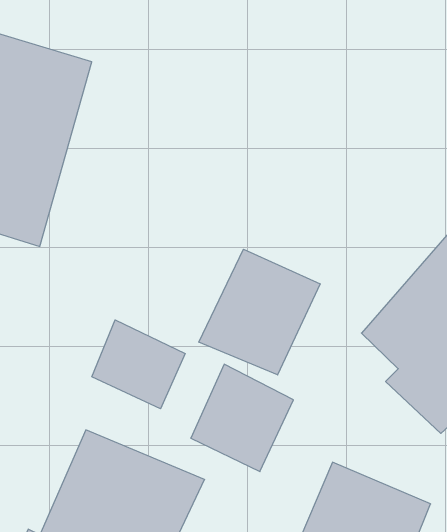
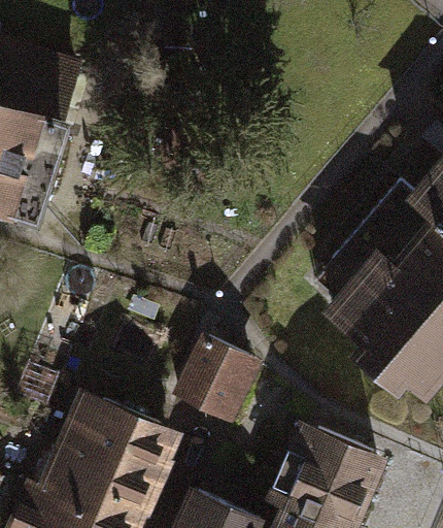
building: [199,249,320,375] -> none
building: [92,320,185,409] -> none

